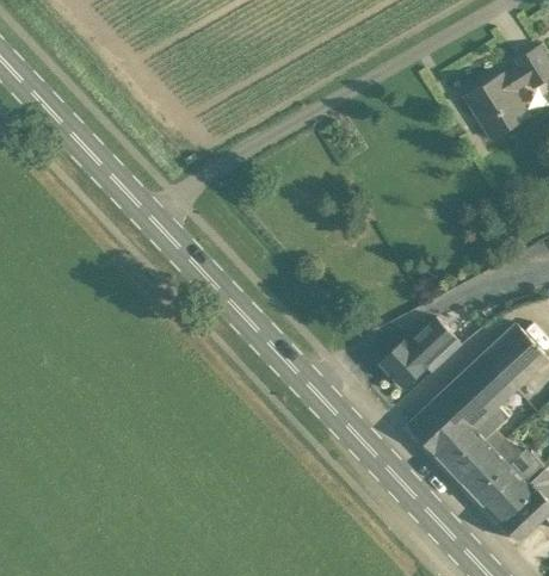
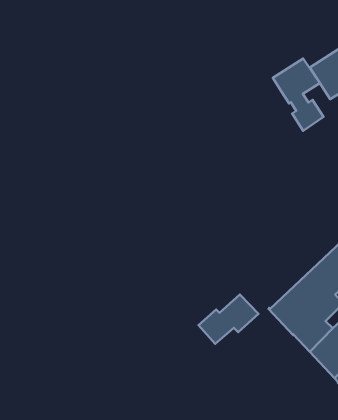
building: none -> [273,58,324,131]
building: [381,318,462,385] -> [198,294,258,344]

